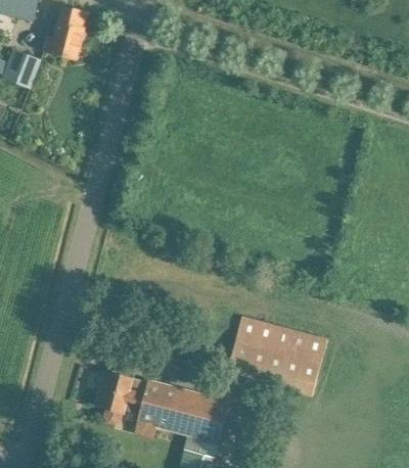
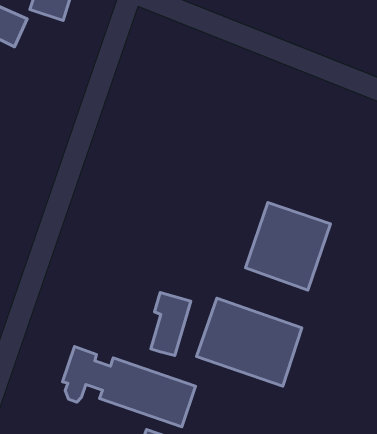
building: none -> [245,202,331,290]
building: none -> [151,293,191,356]

